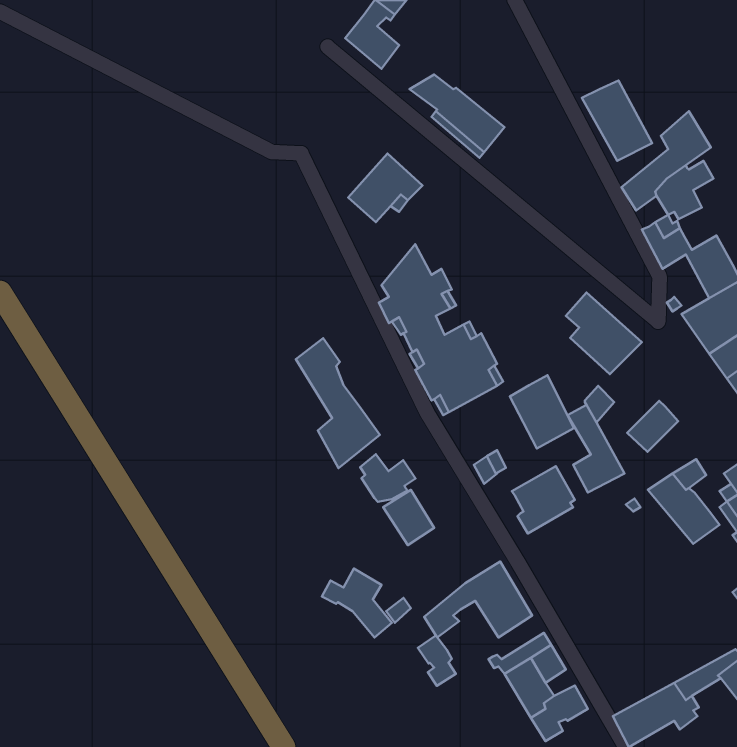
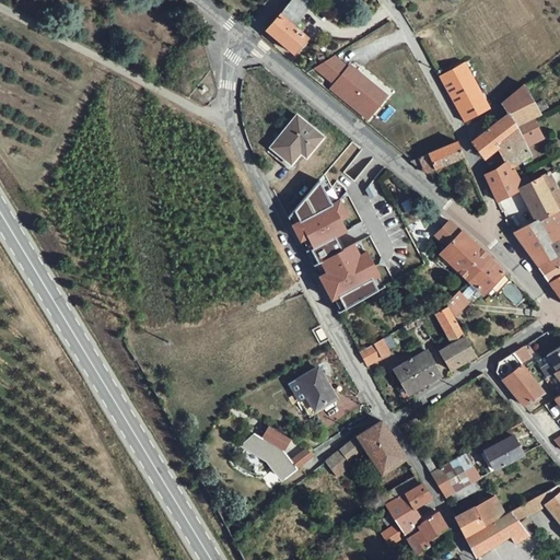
building: none -> [410,141,464,173]
building: [296,338,380,468] -> none
building: [510,375,574,448] -> none
building: [627,401,678,452] -> [464,256,502,294]
building: [360,454,416,502] -> none
building: none -> [481,430,524,471]
building: none -> [430,451,480,497]
building: [418,635,456,686] -> none
building: none -> [456,495,503,535]

